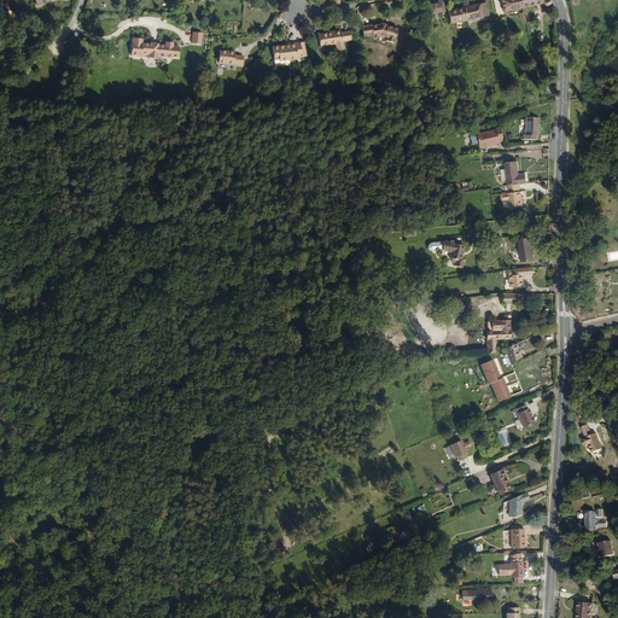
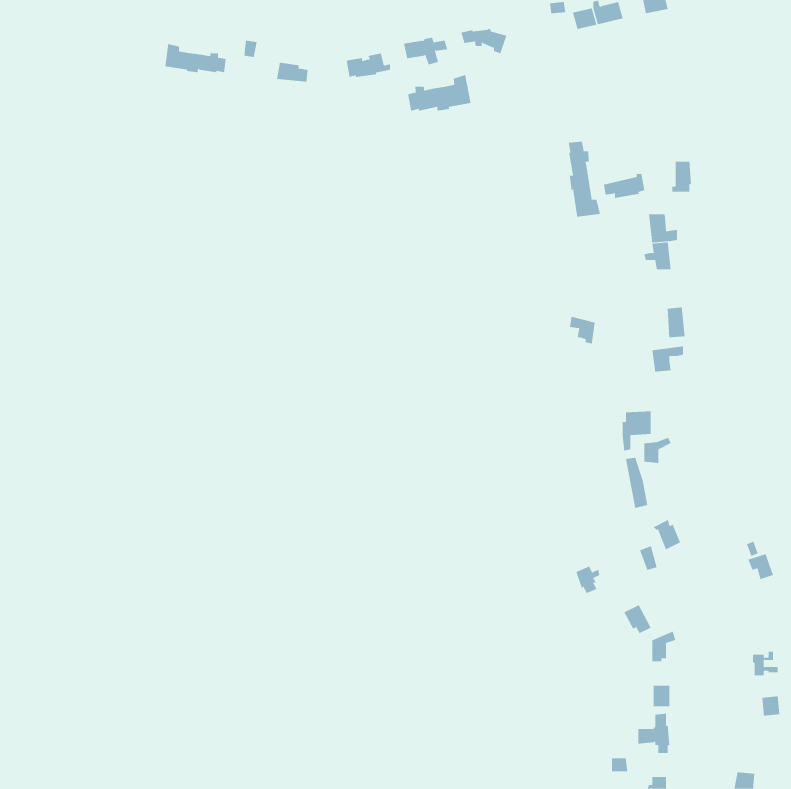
building: none -> [408,74,471,111]
building: none -> [568,141,600,217]

